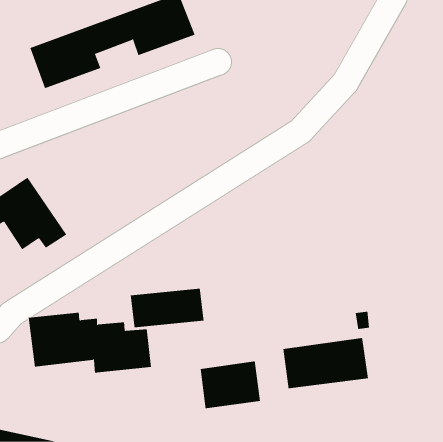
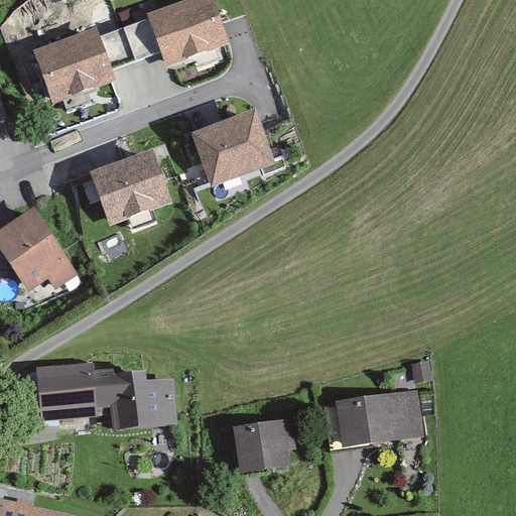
building: none -> [189,108,272,185]
building: none -> [89,148,171,224]
building: [130,288,204,328] -> none

